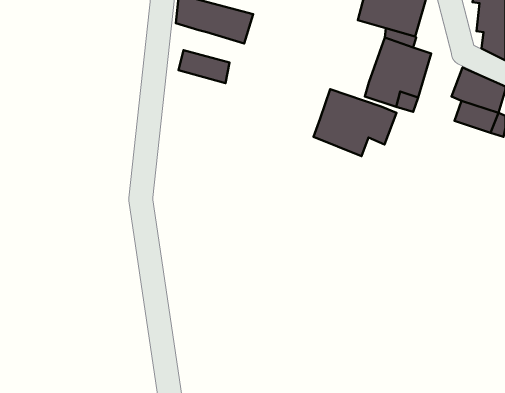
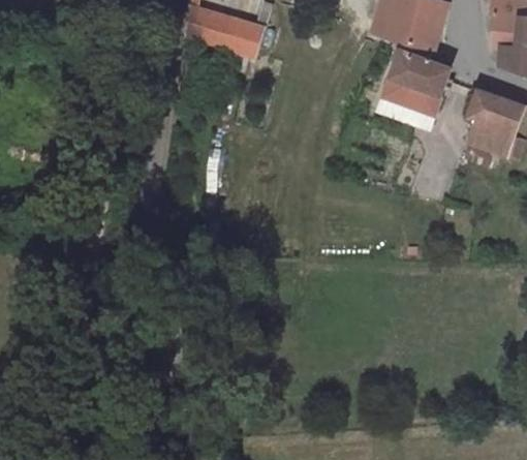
building: [178,50,229,83] -> none
building: [313,89,396,156] -> none

